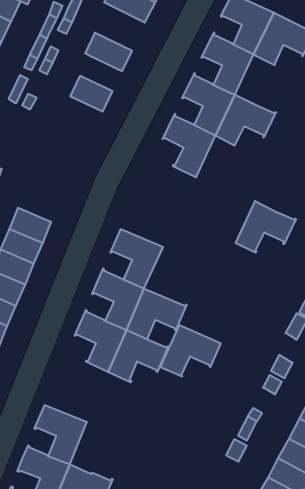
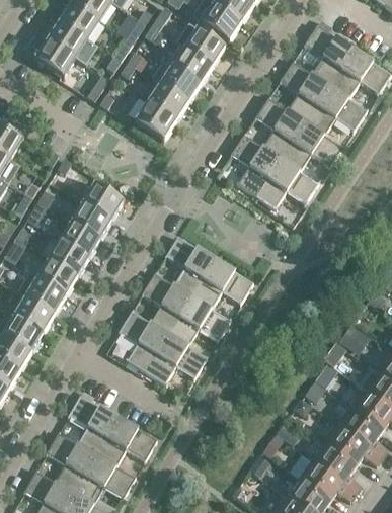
building: none -> [176,23,225,67]
building: none -> [151,60,201,103]
building: none -> [306,87,368,136]
building: none -> [135,102,176,142]
building: none -> [81,183,125,221]
building: [236,201,296,253] -> [257,160,319,209]
building: [160,325,221,376] -> [191,260,253,310]
building: none -> [96,418,157,468]

